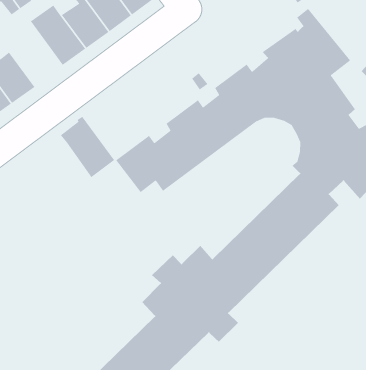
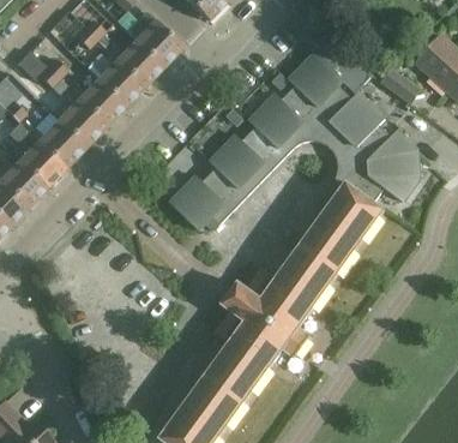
building: [60,116,115,178] -> [50,88,106,144]

